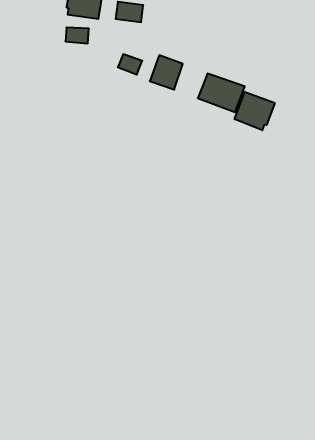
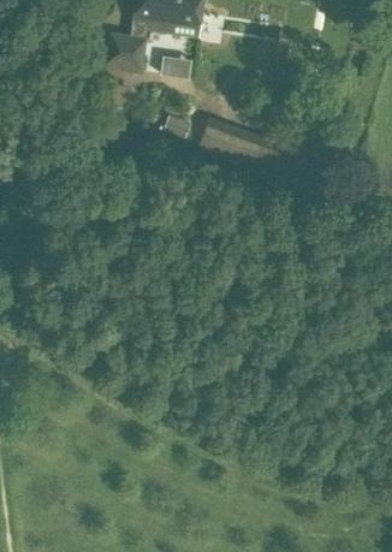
building: [235,92,275,130] -> none

